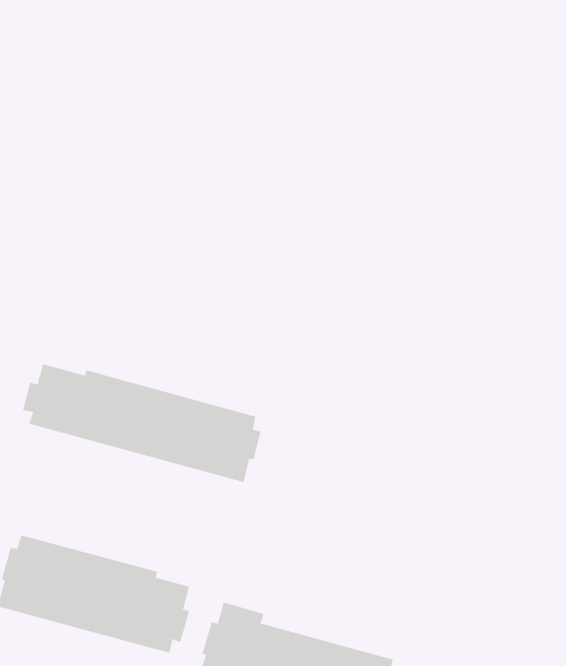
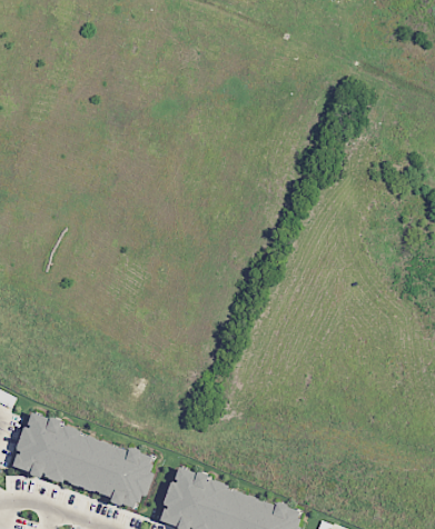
building: [23,364,261,483] -> none

